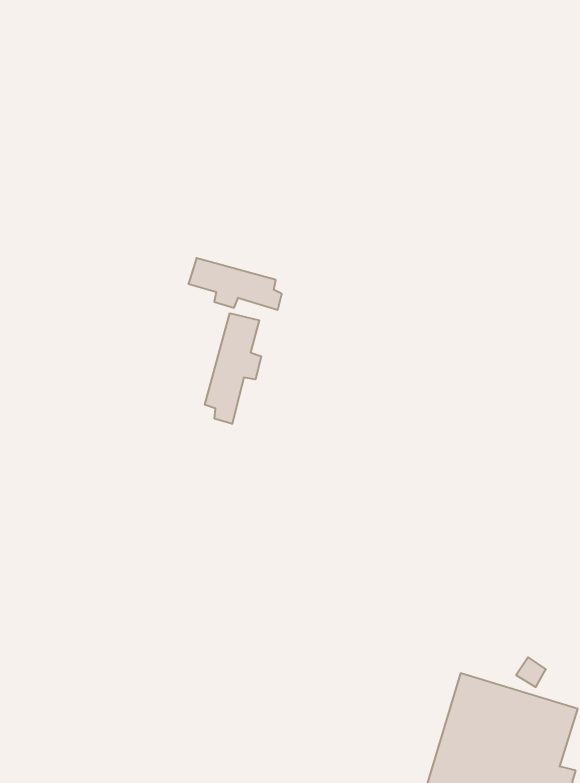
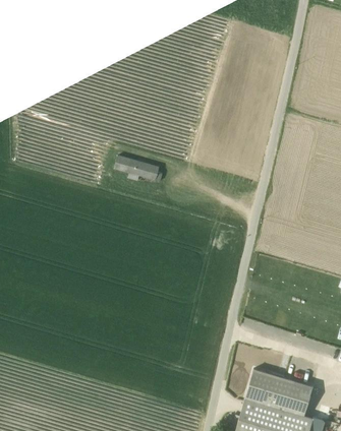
building: [205,313,261,424] -> none

